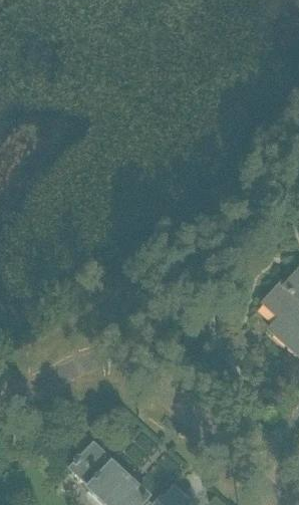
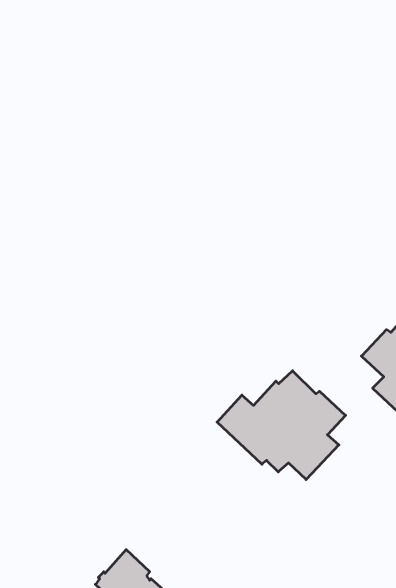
building: none -> [217,371,346,480]

